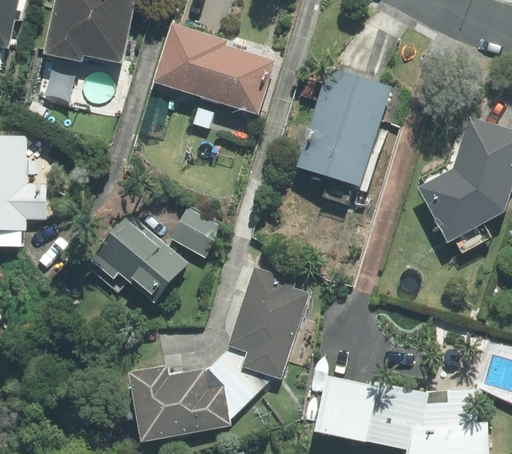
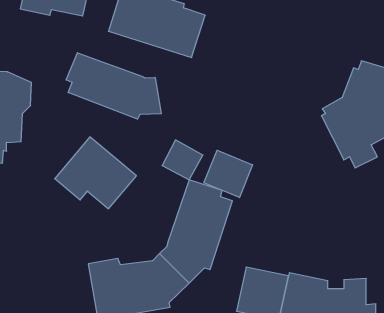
building: [296,68,389,186] -> none
building: none -> [66,53,161,119]
building: [170,207,221,257] -> [162,140,203,180]
building: none -> [204,150,253,198]

